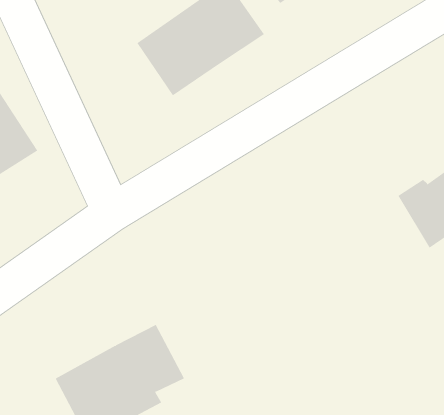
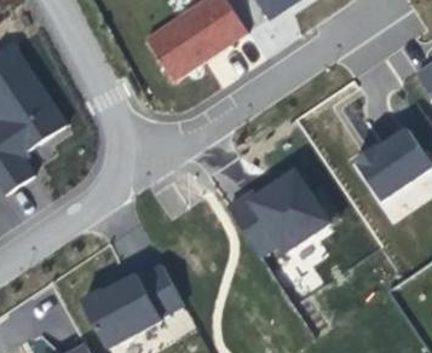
building: none -> [227,168,336,255]

